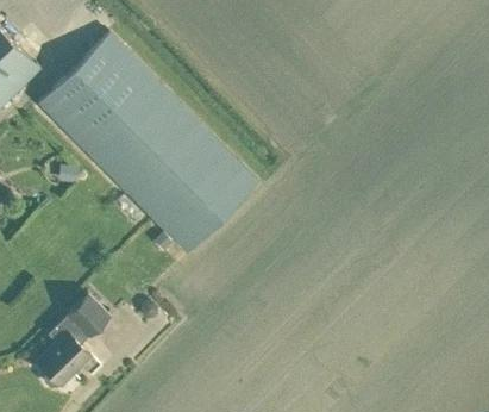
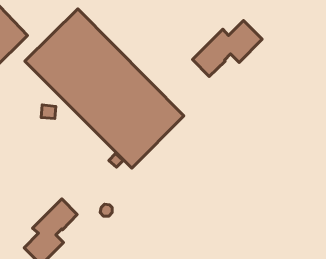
building: none -> [192,20,262,76]

